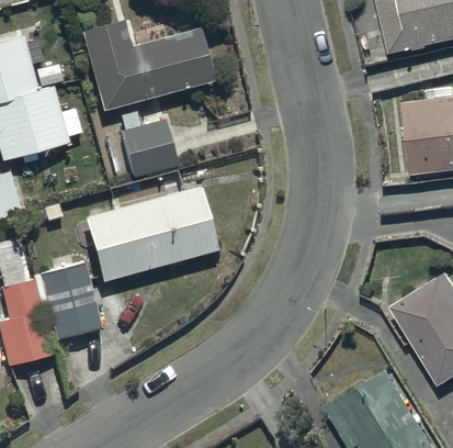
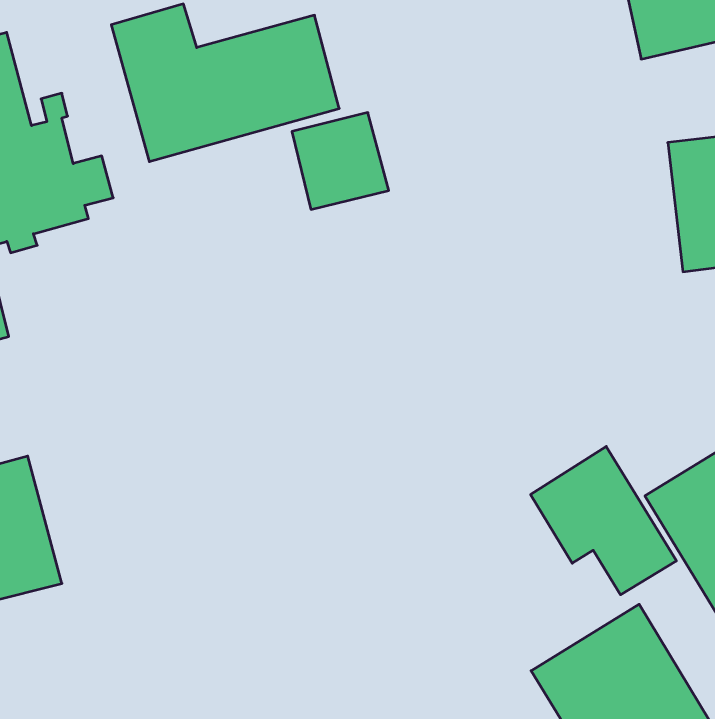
building: [122,122,178,178] -> [292,113,389,209]
building: [84,188,216,282] -> none
building: [41,262,103,341] -> none
building: none -> [531,446,676,595]

